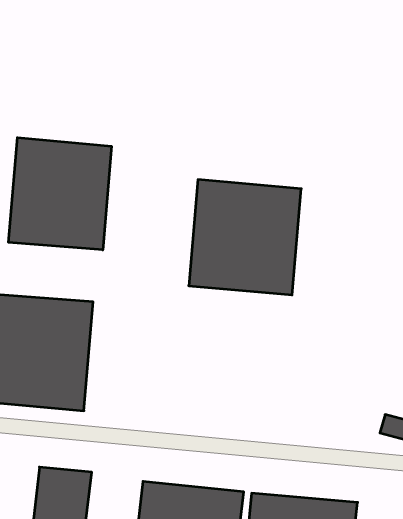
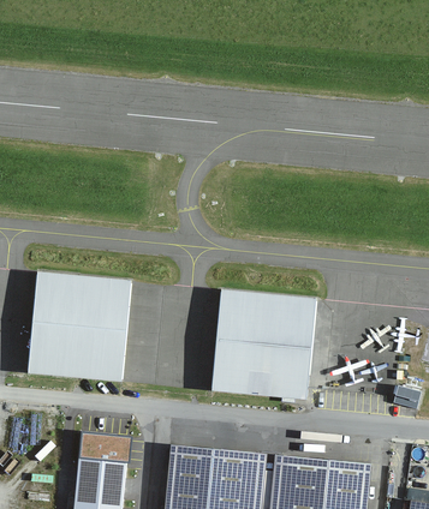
building: [9,138,111,250] -> none
building: [189,180,301,295] -> [210,292,314,397]

